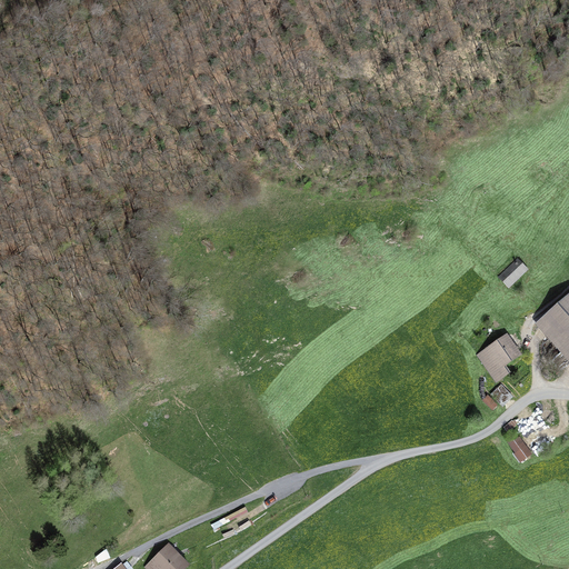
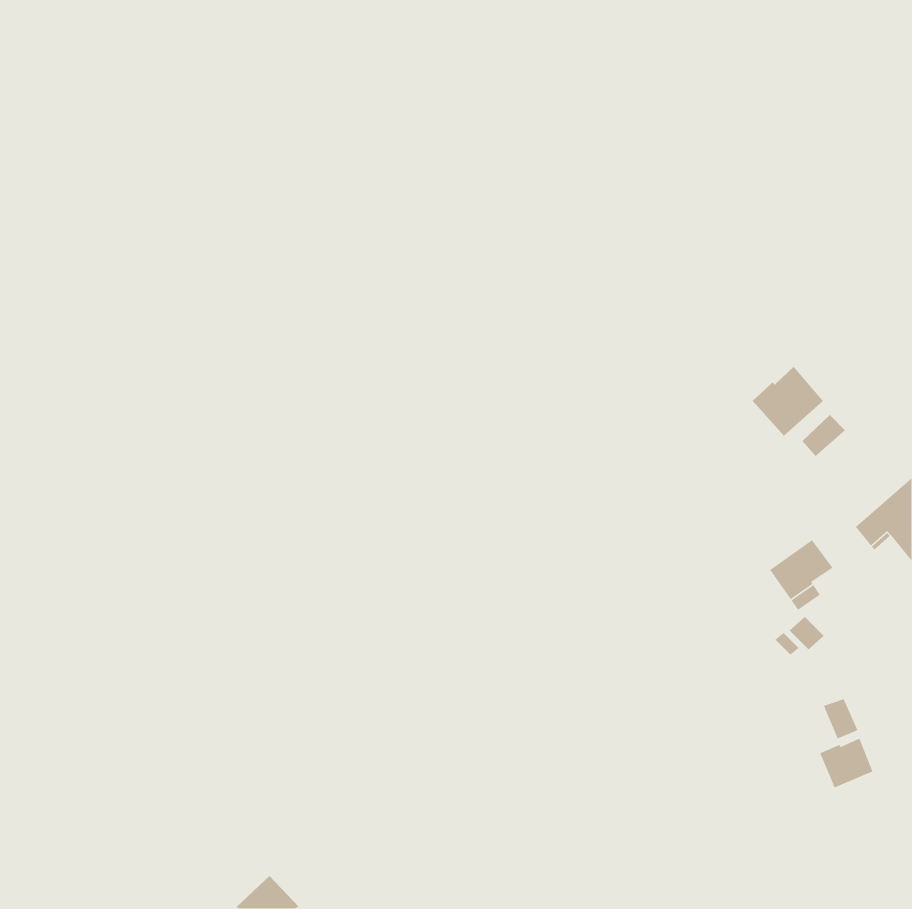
building: none -> [752,366,824,437]
building: none -> [819,737,873,788]

